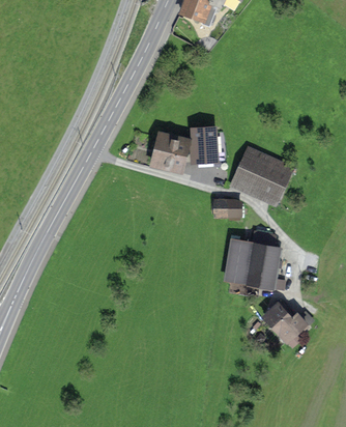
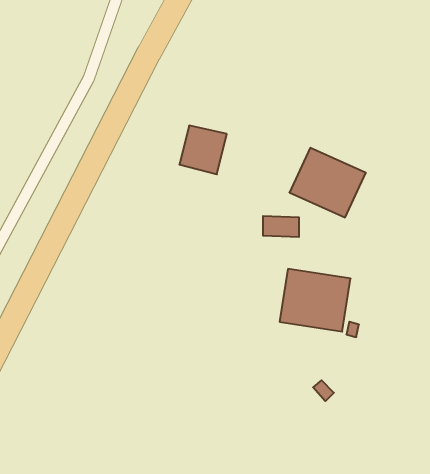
building: [191,127,215,161] -> none
building: [263,305,307,344] -> none

